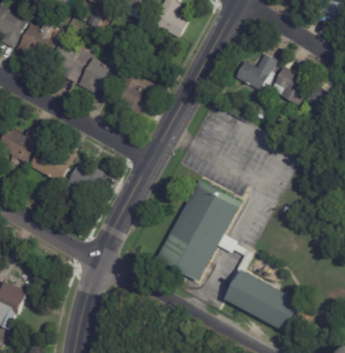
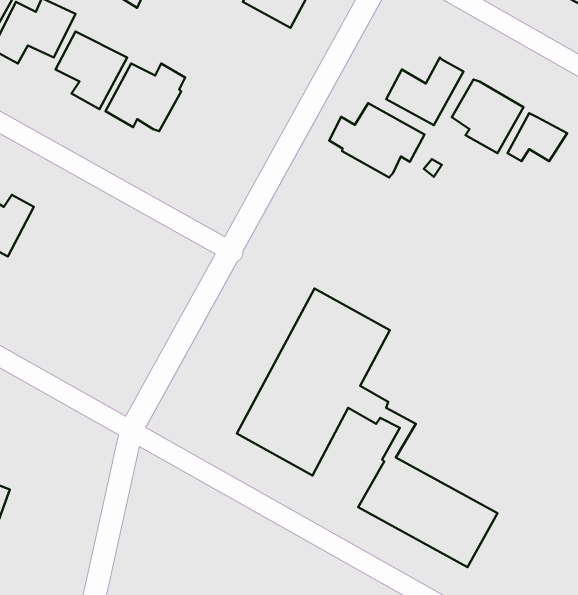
building: [112,73,153,117] -> none
building: none -> [329,103,424,177]
building: [29,145,75,182] -> none
building: [64,162,103,198] -> none

